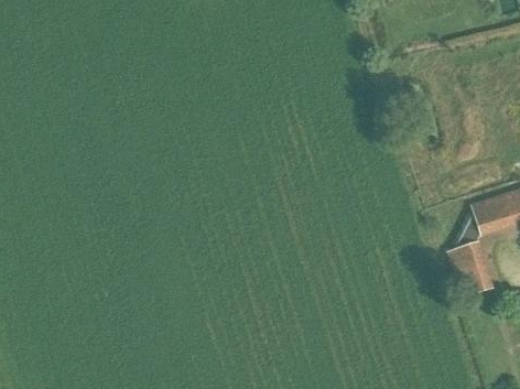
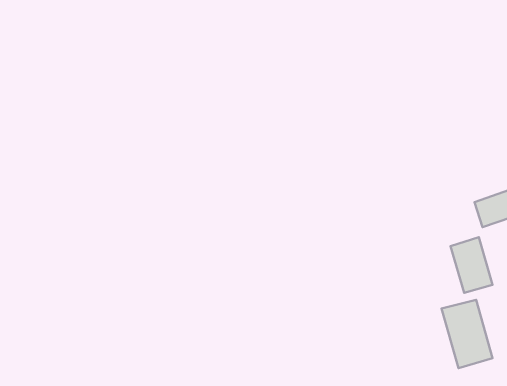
building: none -> [442,300,492,368]

